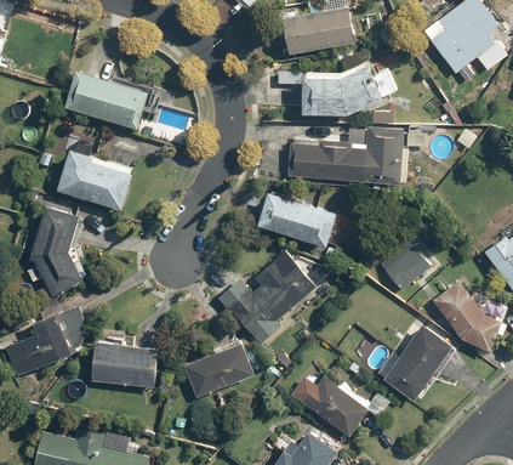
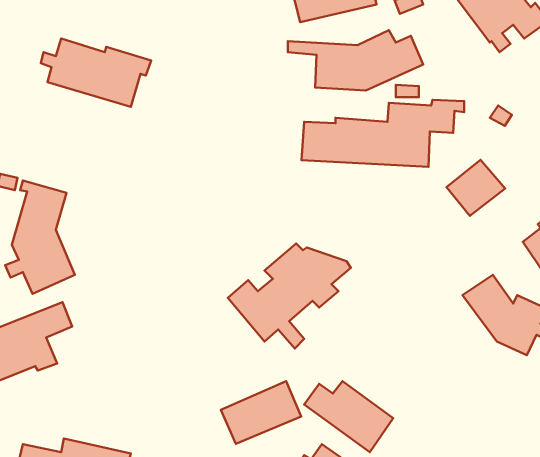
building: [57,138,133,211] -> none
building: [256,193,336,246] -> none
building: [380,242,432,291] -> [447,160,505,216]
building: [383,325,456,403] -> none
building: [91,339,156,389] -> none
building: [183,342,255,398] -> [221,381,301,444]

